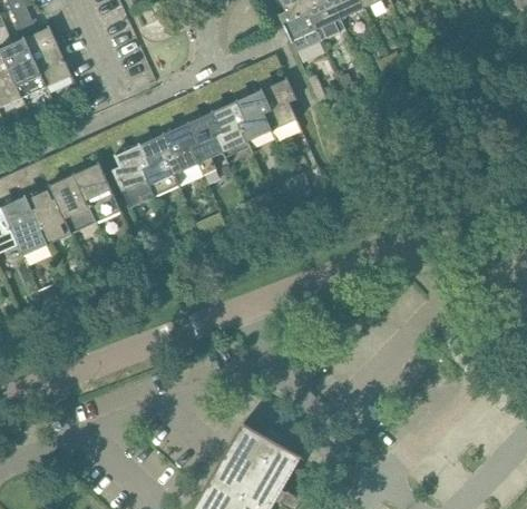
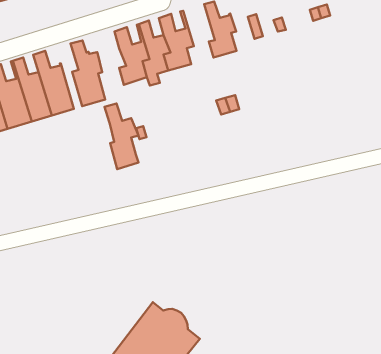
building: [231,71,273,143] -> none
building: [130,121,178,197] -> [105,104,139,169]

